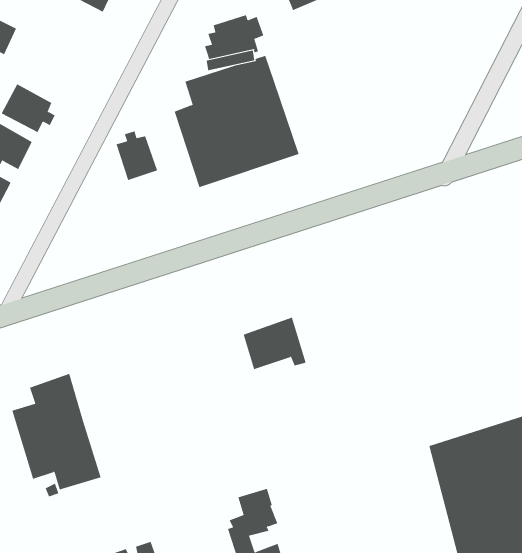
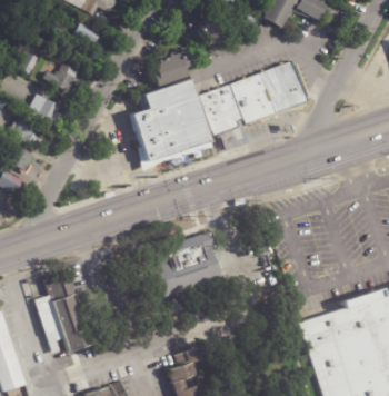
building: none -> [202,58,309,147]
building: none -> [44,62,81,93]
building: [116,130,158,181] -> none

